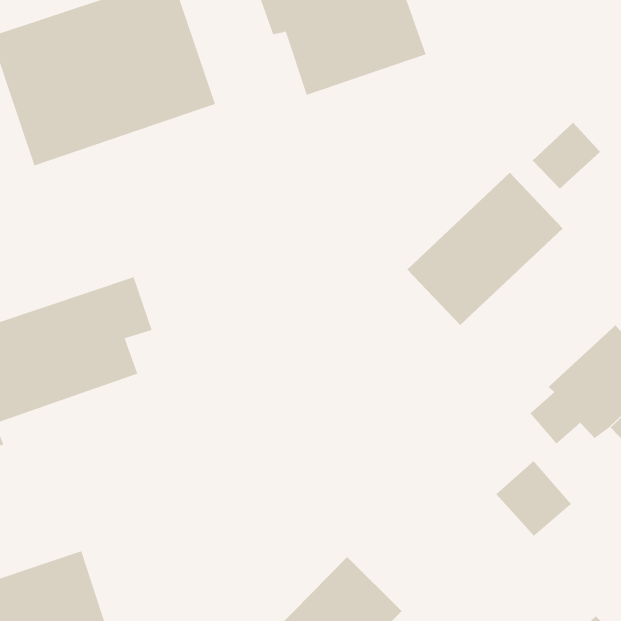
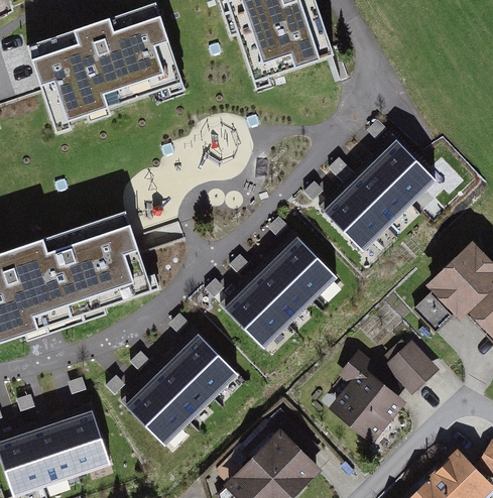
building: [532,122,601,190] -> none
building: none -> [222,233,337,348]
building: none -> [123,331,240,448]
building: none -> [326,352,404,451]

